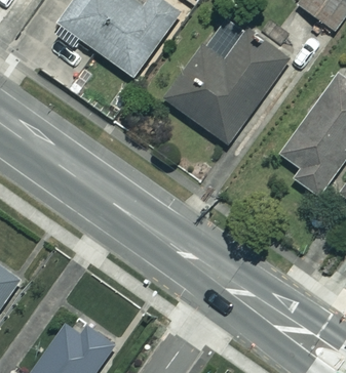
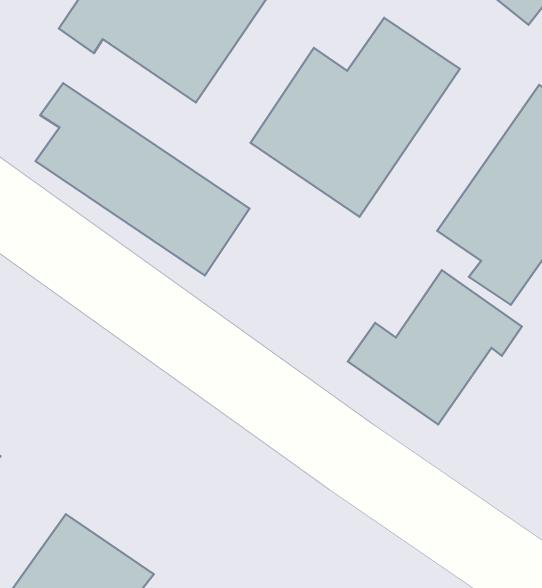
building: none -> [36,83,249,275]
building: none -> [348,270,522,424]

